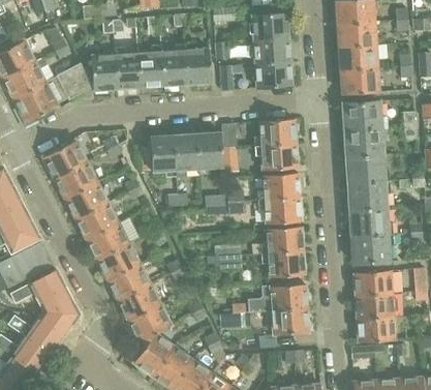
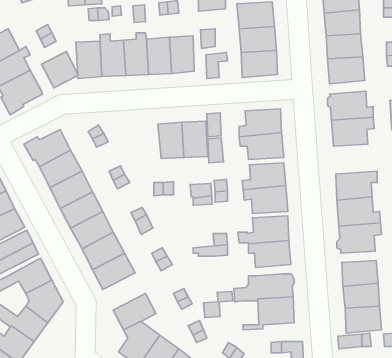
building: [140,136,176,171] -> none
building: [347,155,391,185] -> none
building: [118,283,160,321] -> none

